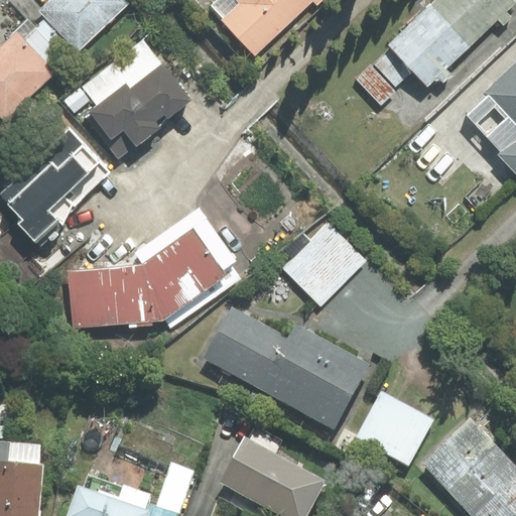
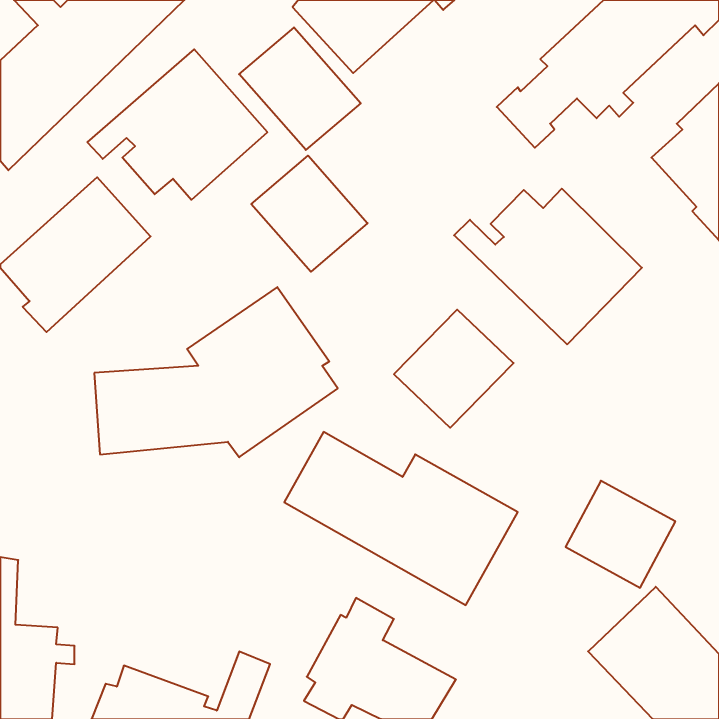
building: none -> [239,27,361,150]
building: none -> [251,156,368,272]
building: none -> [454,189,642,344]
building: [355,394,433,471] -> [566,481,675,588]

